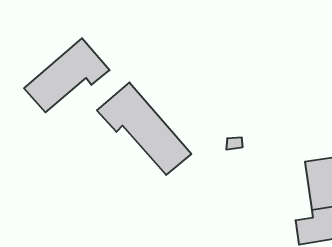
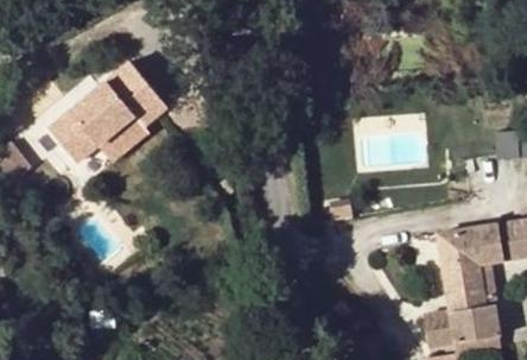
building: [97,82,191,175] -> none

